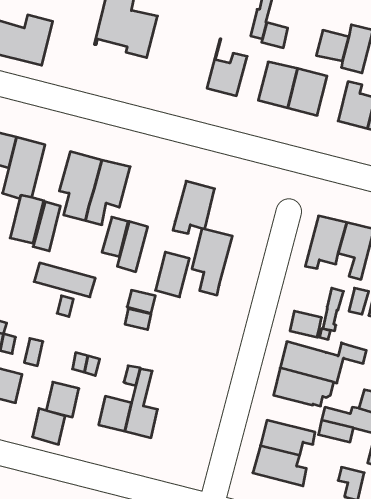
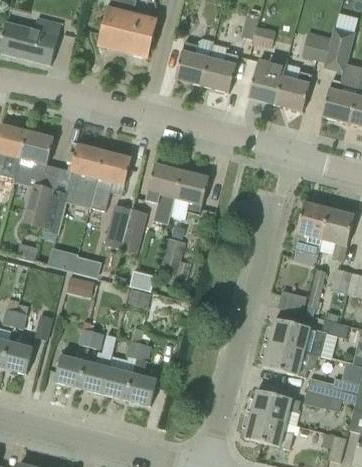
building: none -> [175,37,214,85]
building: [192,228,232,295] -> [146,163,183,224]
building: [32,408,65,444] -> [79,360,109,393]

